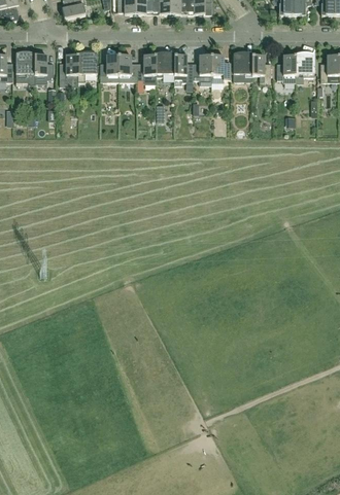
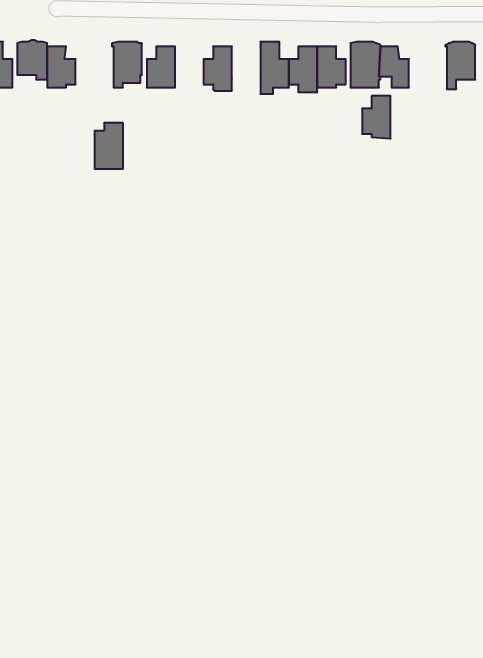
building: [156,51,174,76] -> none
building: [60,55,78,84] -> [95,123,123,169]
building: [118,55,137,81] -> none
building: [277,55,296,82] -> [362,96,391,139]

